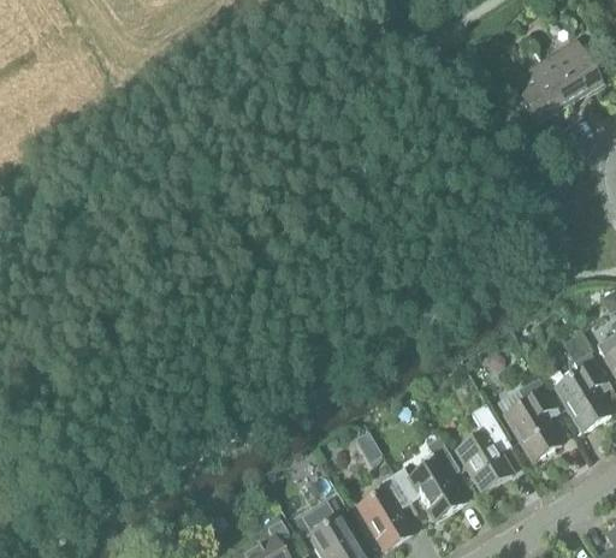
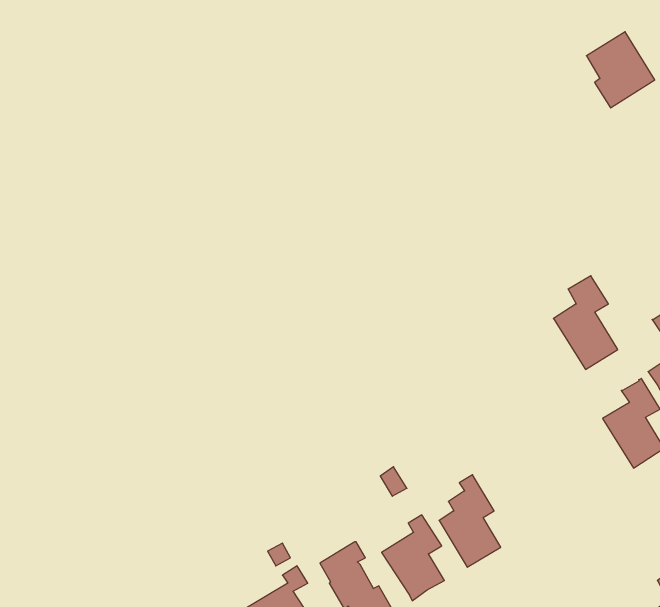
building: [511,60,563,121] -> none
building: [505,375,563,459] -> [553,276,618,369]
building: [457,403,513,489] -> none

